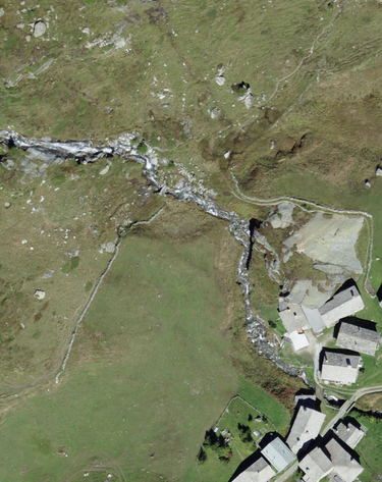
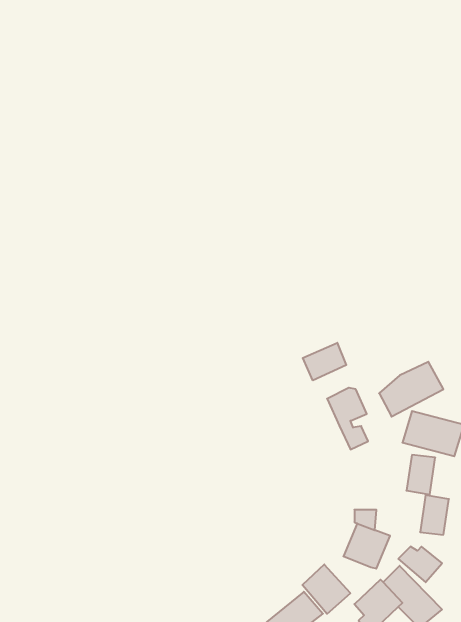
building: none -> [303,343,346,380]
building: [320,352,341,381] -> [420,495,449,535]
building: [284,430,311,456] -> none

